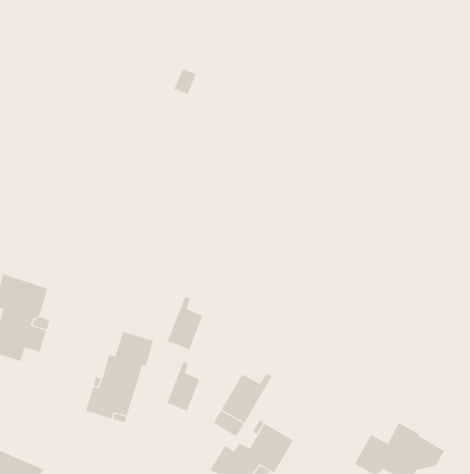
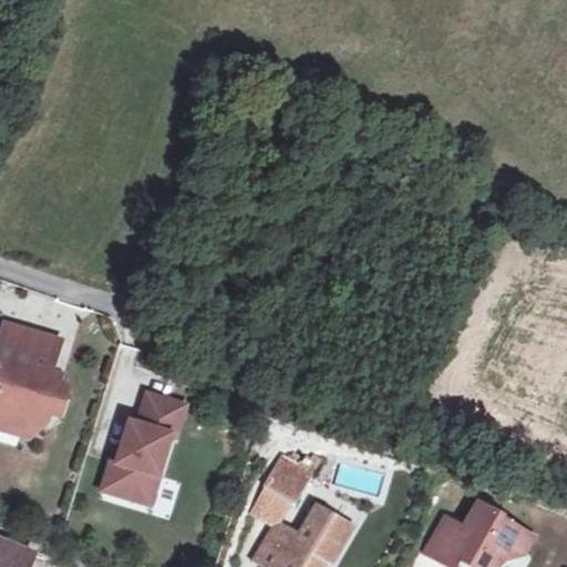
building: [167,296,203,350] -> none
building: [167,361,200,411] -> none

